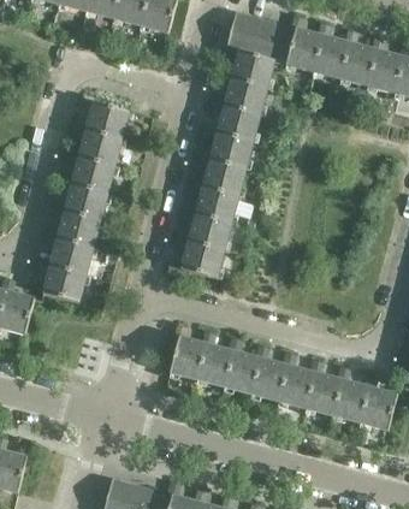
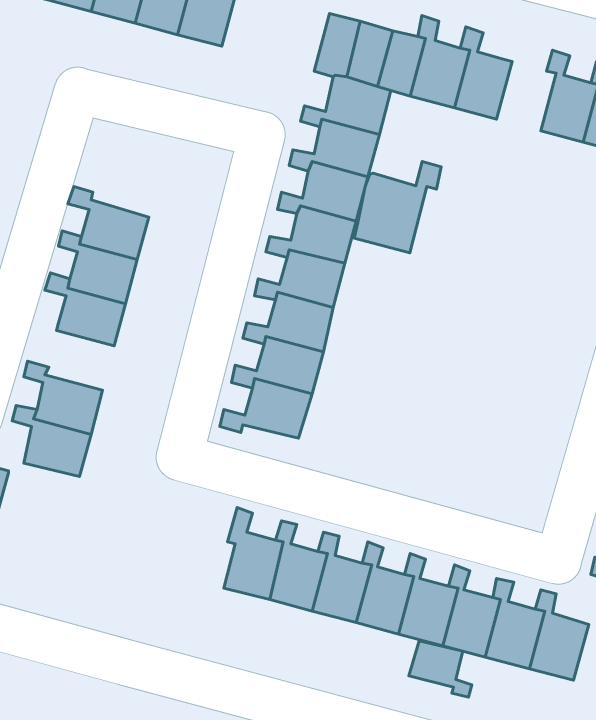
building: [340,28,378,85] -> none
building: [79,93,130,140] -> none
building: none -> [354,162,441,253]
building: [52,202,101,248] -> none
building: none -> [409,641,472,697]

